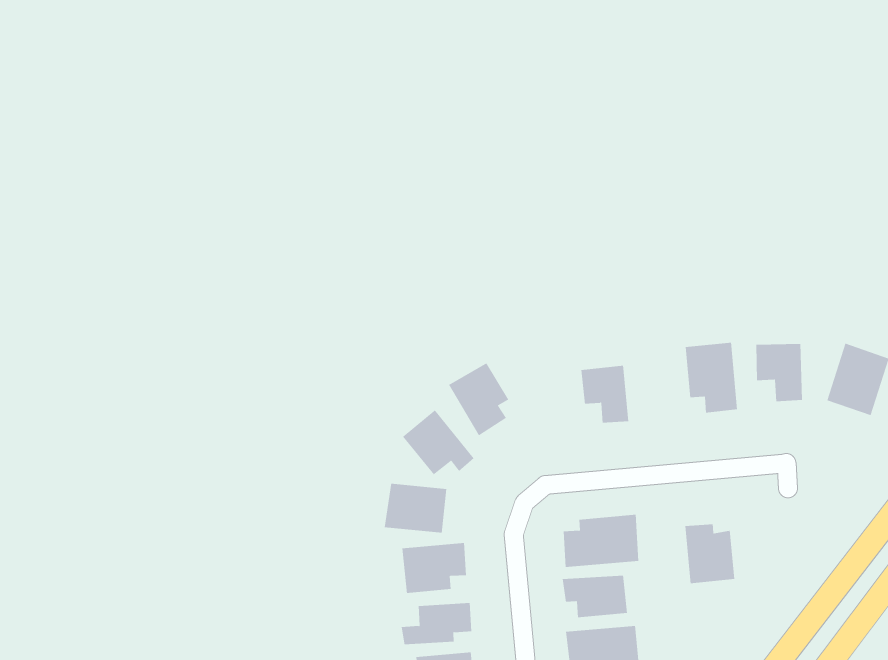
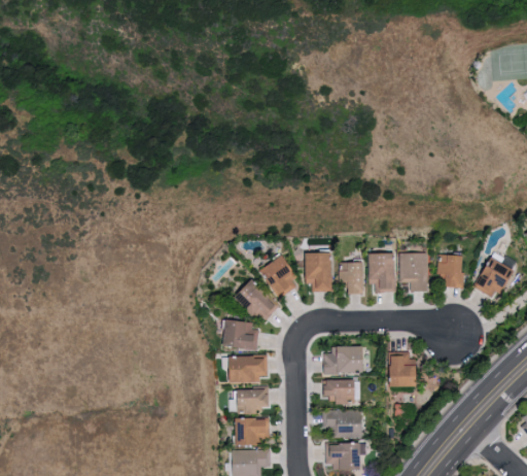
building: none -> [368,253,394,293]
building: none -> [305,252,332,292]

